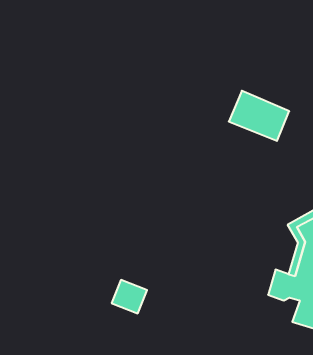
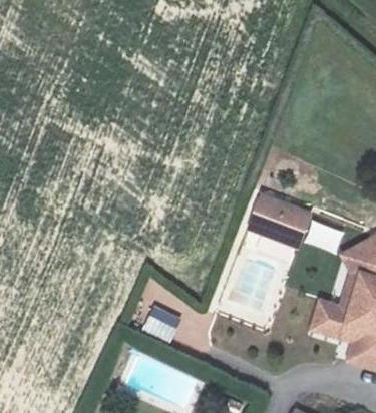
building: [229,91,289,141] -> [249,192,314,247]

